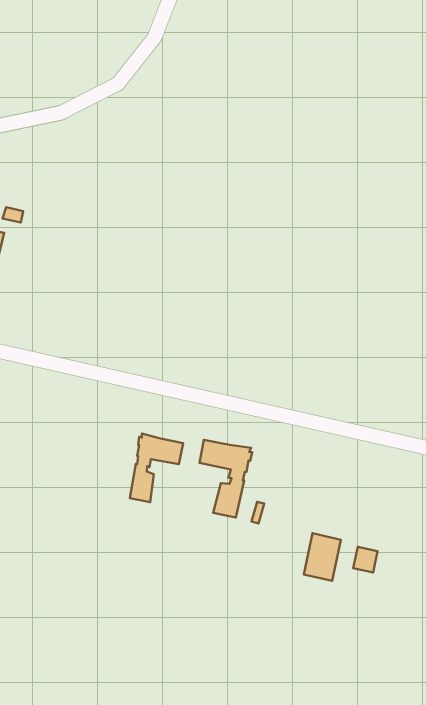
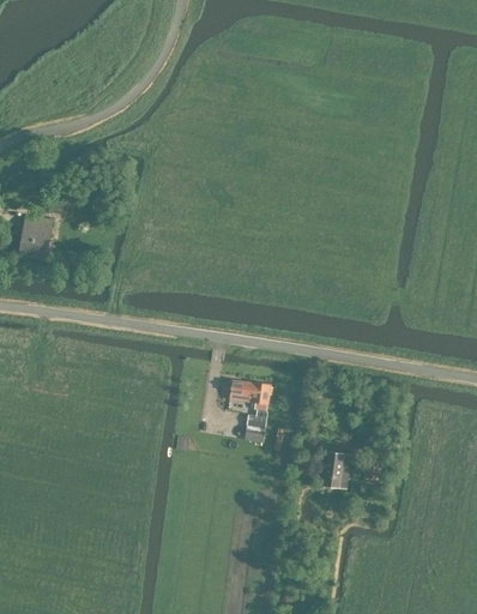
building: [130,433,183,502] -> none

